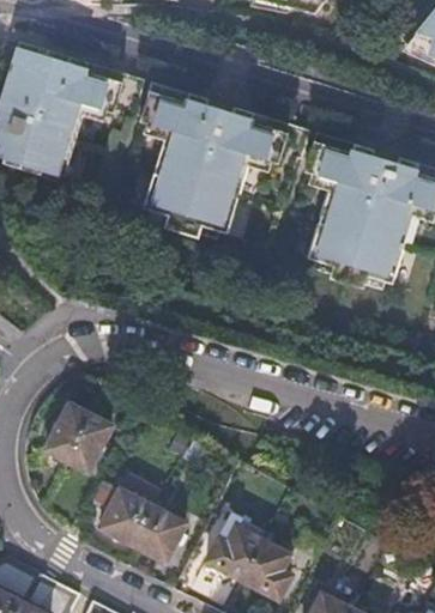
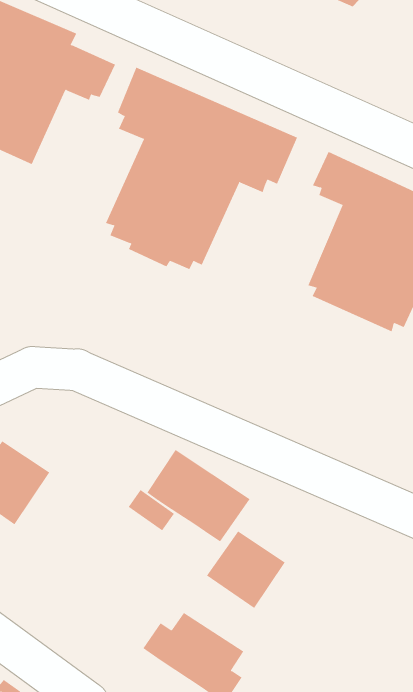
building: none -> [206,530,285,609]
building: [101,488,187,560] -> [147,449,251,542]

